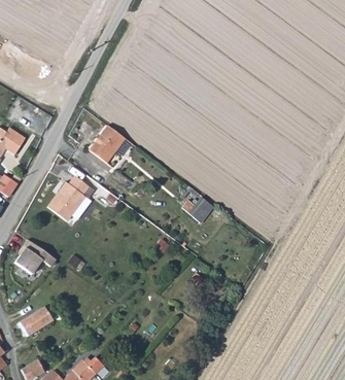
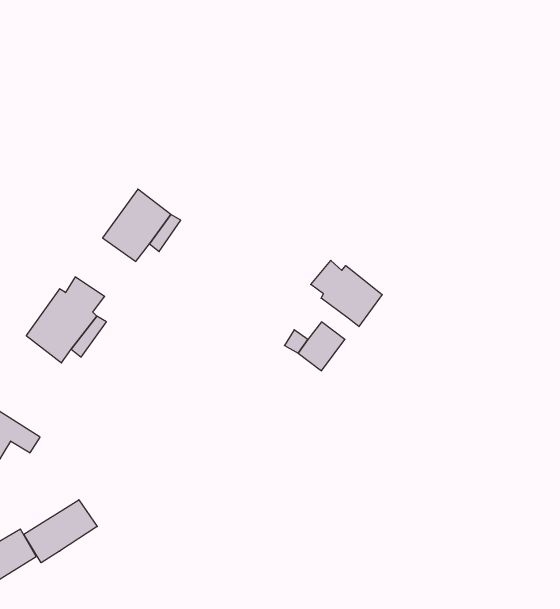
building: none -> [311,260,382,327]
building: none -> [24,500,97,563]

